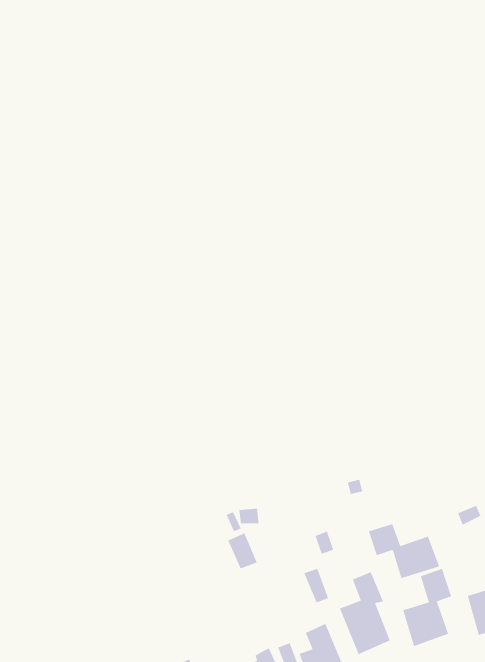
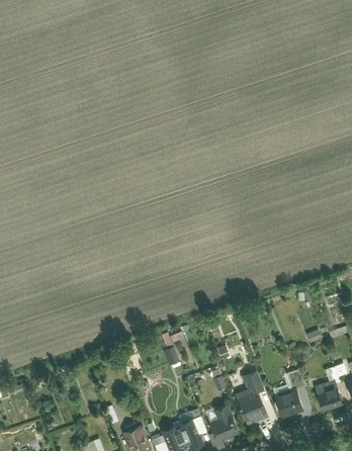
building: [368,523,440,579] -> none

